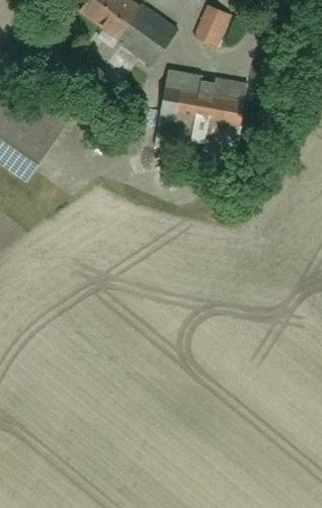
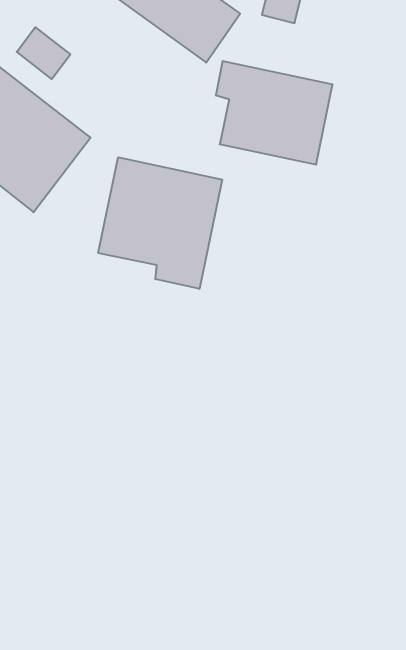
building: none -> [17,27,70,79]
building: none -> [98,157,222,289]

